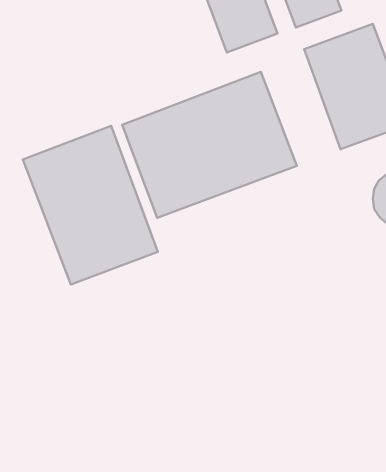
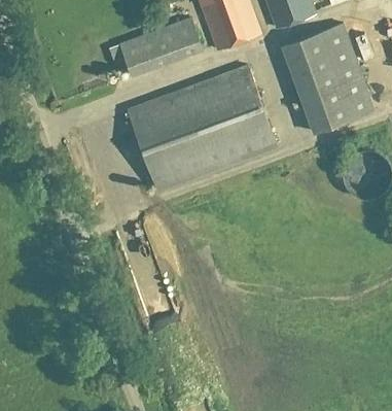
building: none -> [119,19,203,76]
building: [23,126,158,284] -> none

